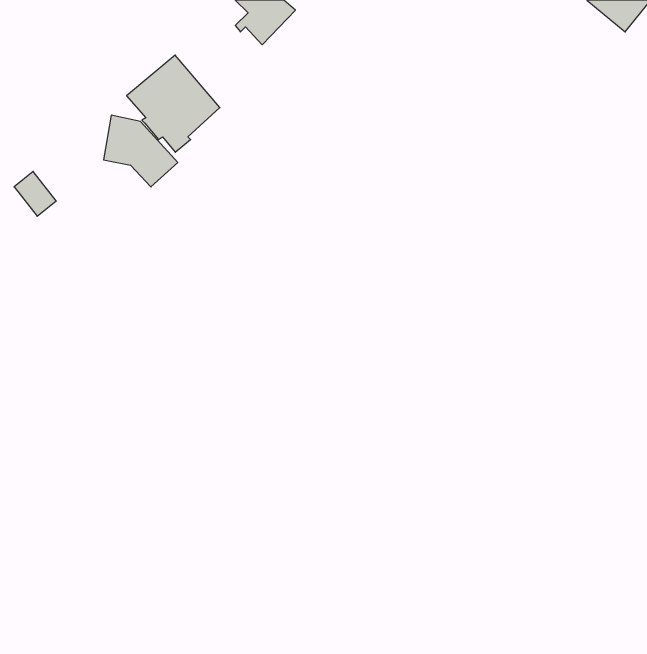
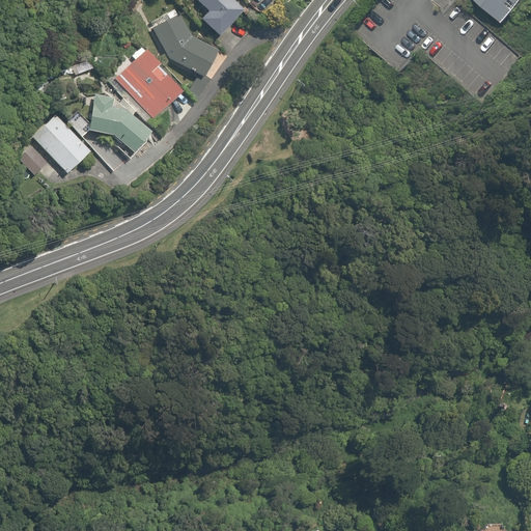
building: none -> [152,11,215,76]
building: none -> [34,110,94,173]

